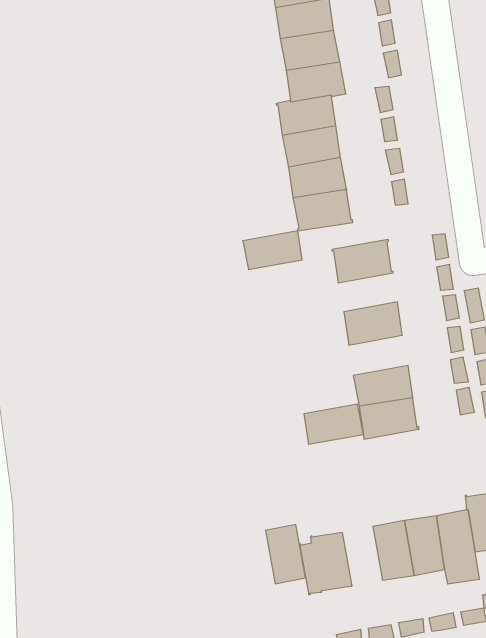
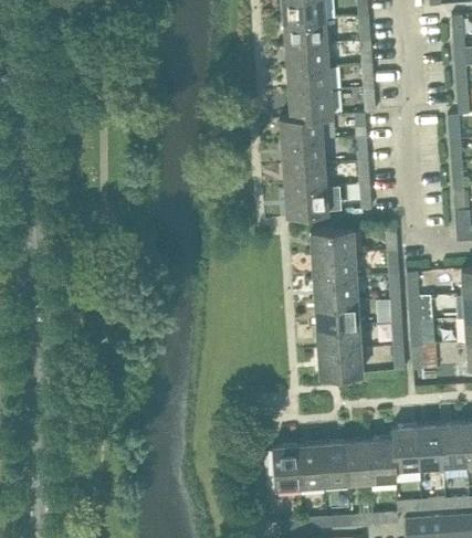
building: [243,231,302,270] -> [313,255,356,281]
building: [304,404,363,444] -> [316,303,359,329]
building: [265,525,306,584] -> [297,444,324,487]

